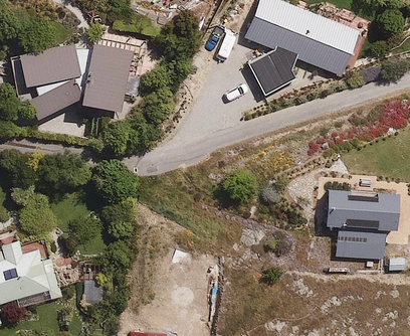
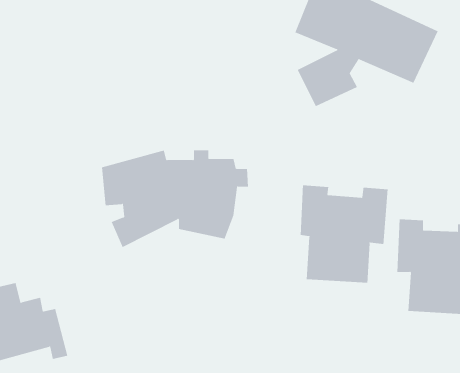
building: [19,42,139,122] -> [101,150,249,248]
building: none -> [300,185,388,284]

